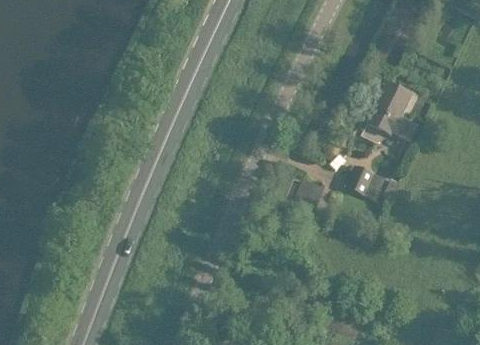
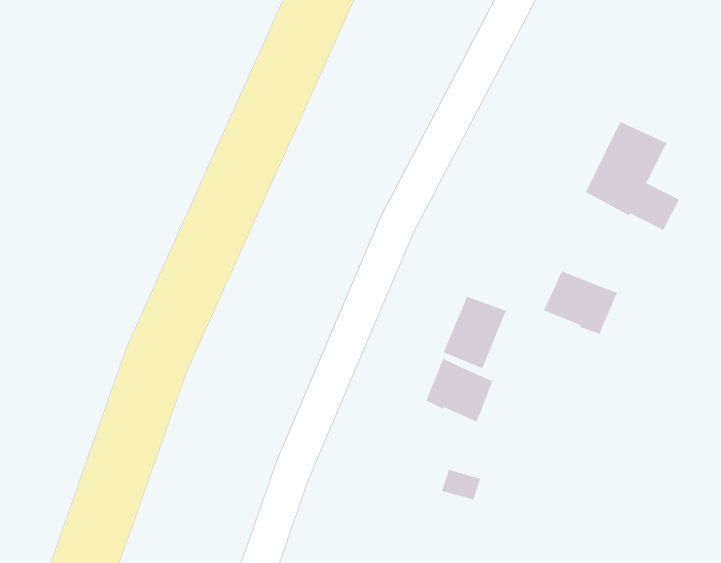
building: none -> [425,358,493,423]

